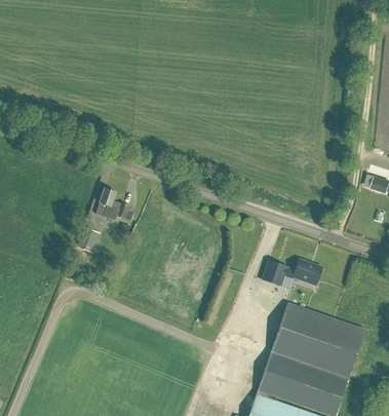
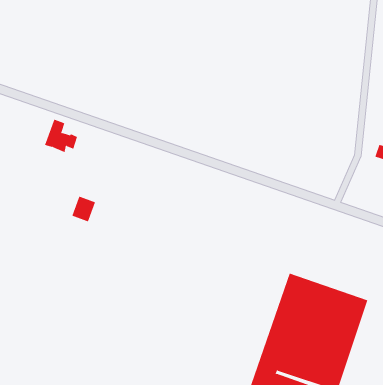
building: [95,187,128,220] -> [44,119,78,153]
building: [263,258,322,285] -> none

